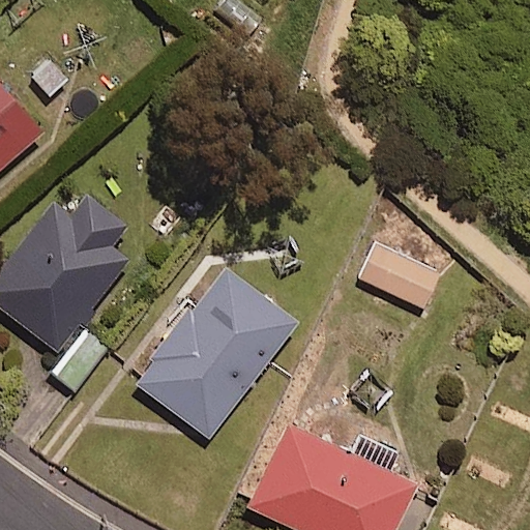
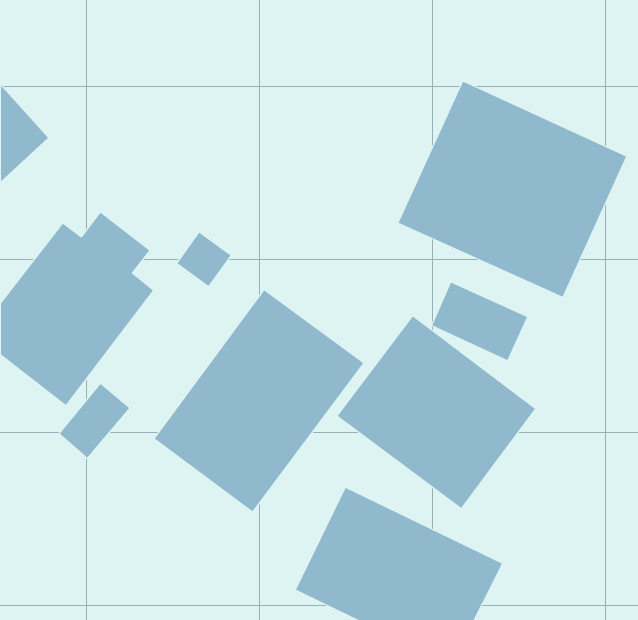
building: none -> [398,81,627,298]
building: none -> [337,315,536,509]

